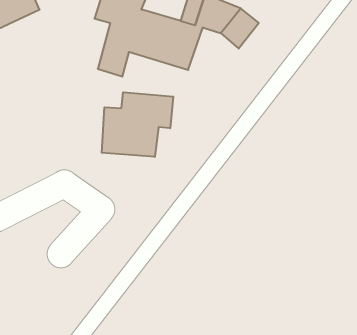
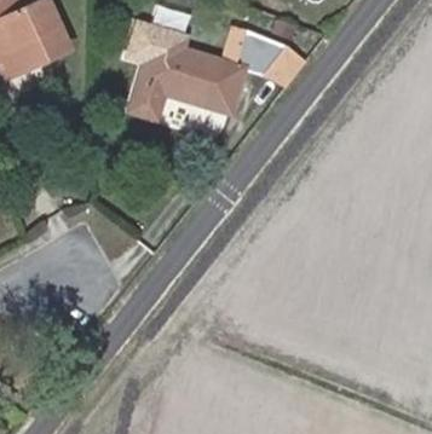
building: [102,92,173,157] -> none

